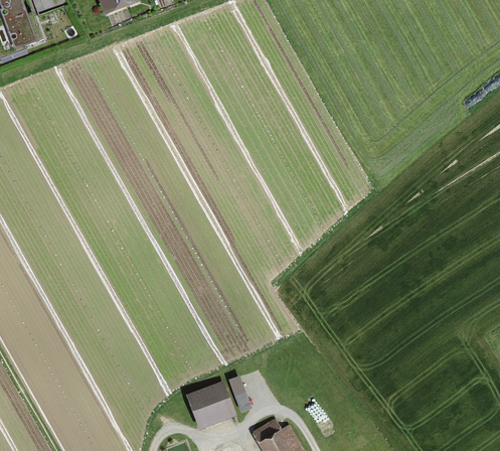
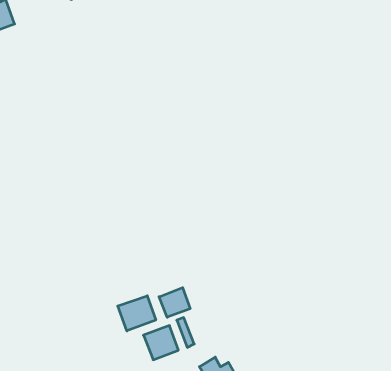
building: none -> [159,288,190,317]
building: none -> [118,296,156,331]

